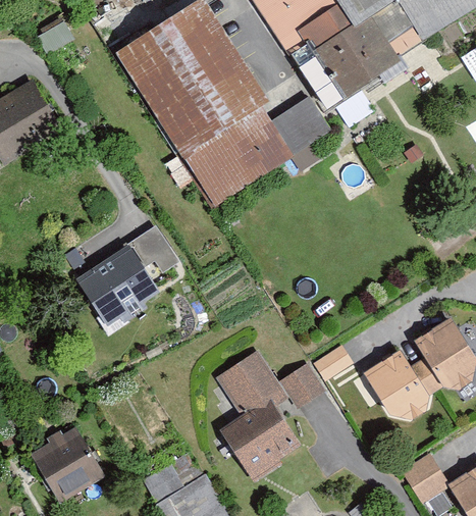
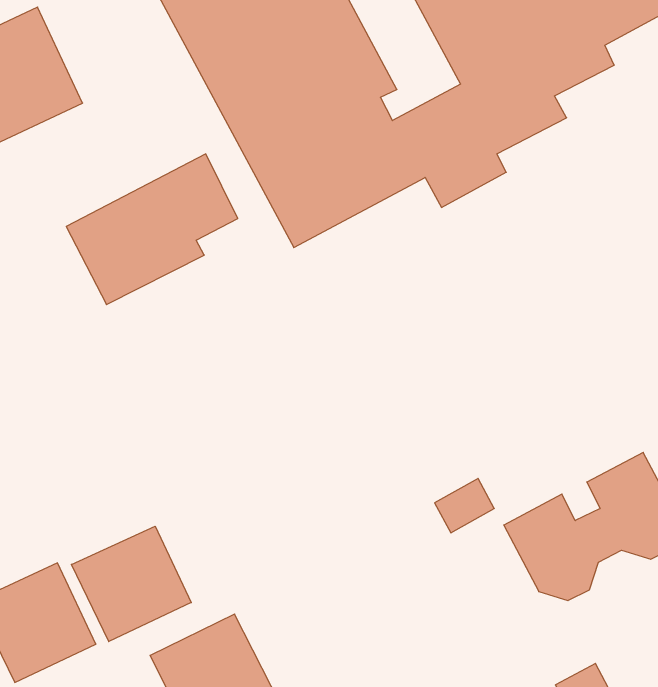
building: [70,223,180,326] -> [66,154,238,305]
building: [218,352,325,477] -> none
building: none -> [71,526,191,642]

